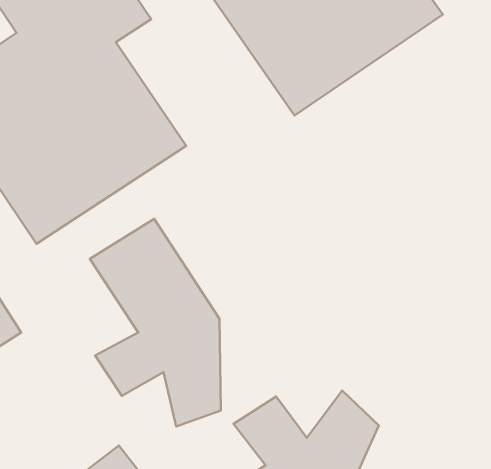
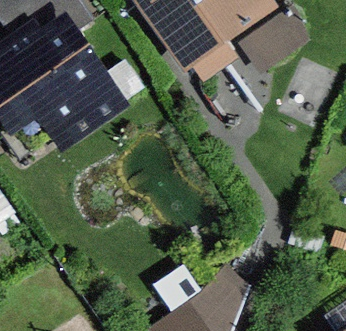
building: [90,219,221,426] -> none

